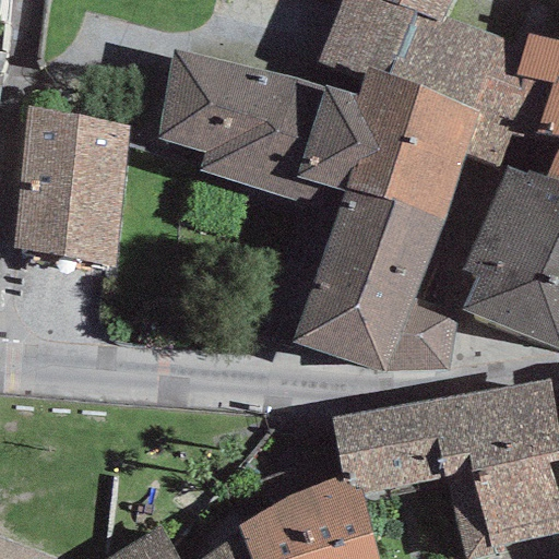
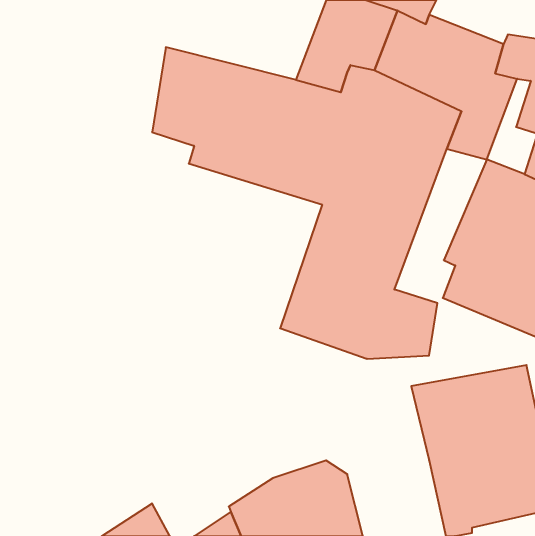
building: [13,106,130,267] -> none
building: [331,402,448,493] -> none

